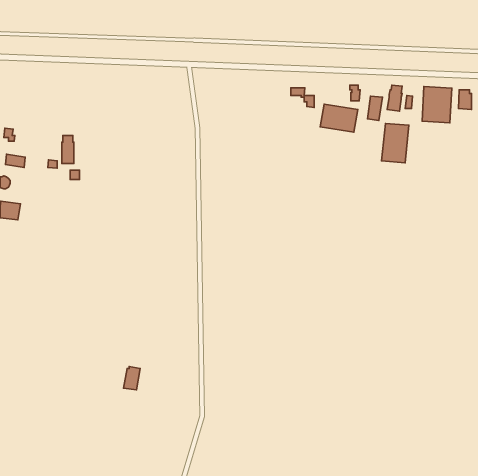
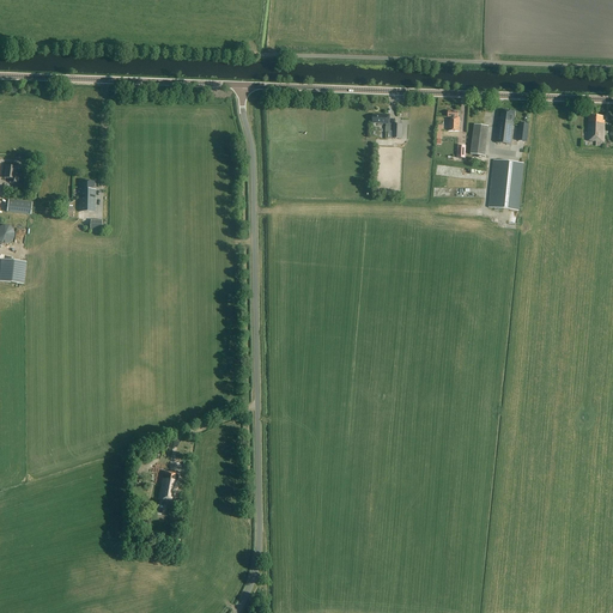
building: [422,86,452,123] -> none
building: [320,104,358,132] -> none

